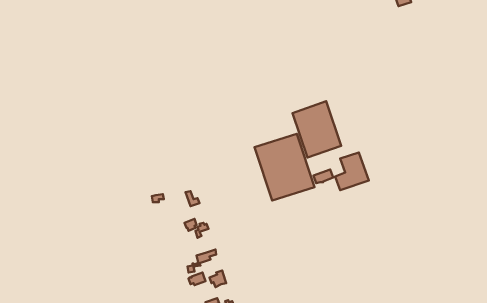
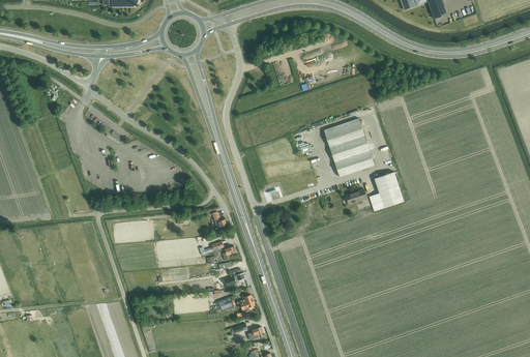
building: [254,134,315,200] -> none

